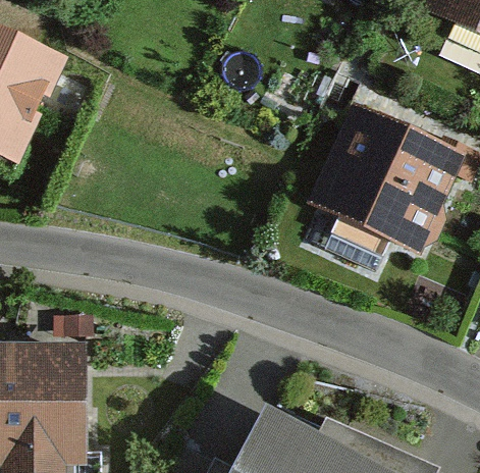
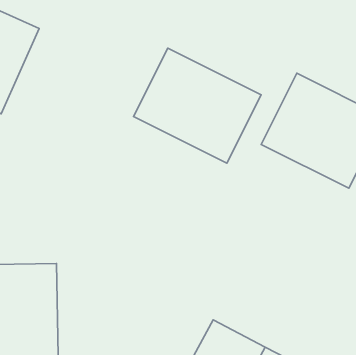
building: none -> [133,48,261,163]

